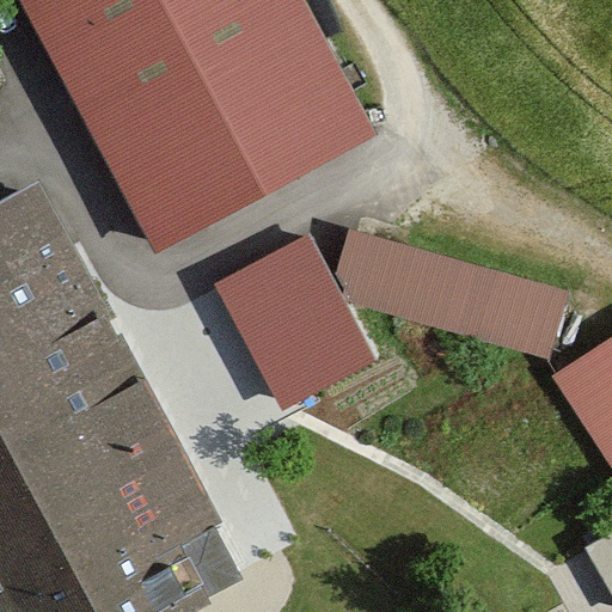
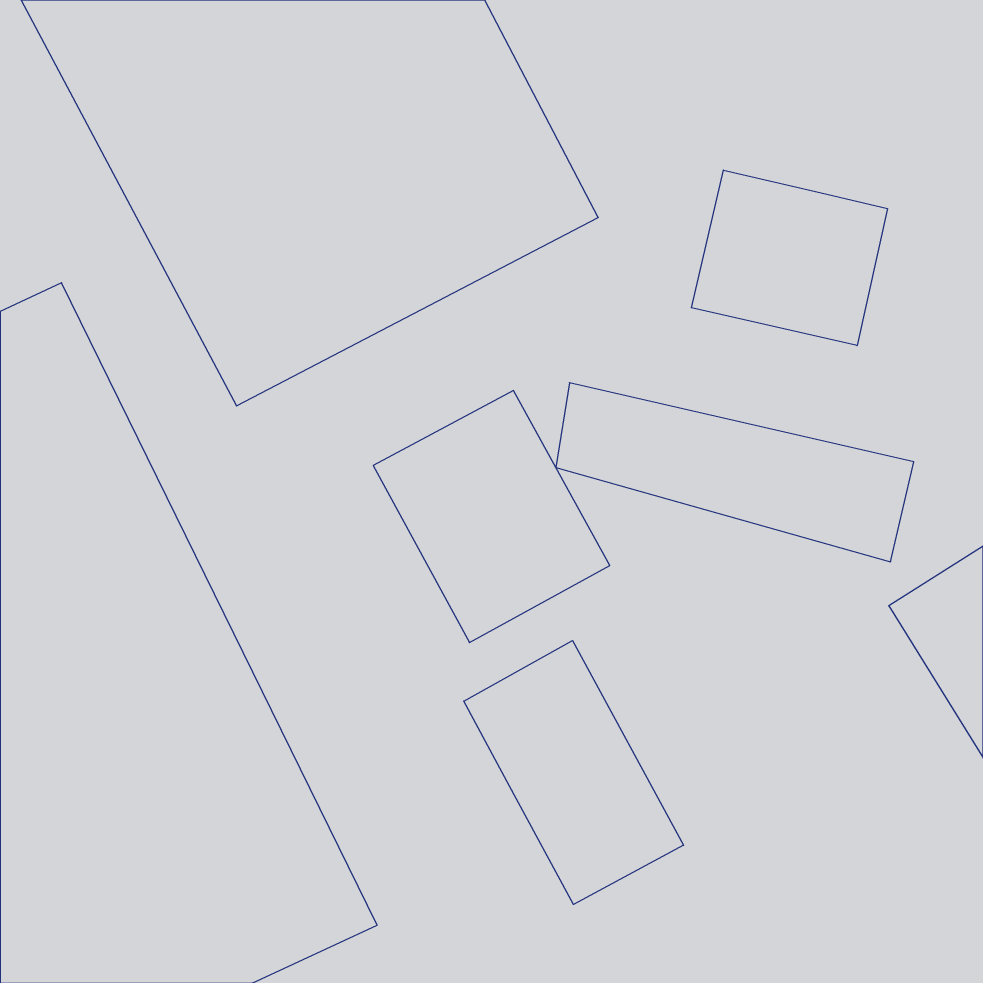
building: none -> [691,170,887,346]
building: none -> [464,641,684,904]

